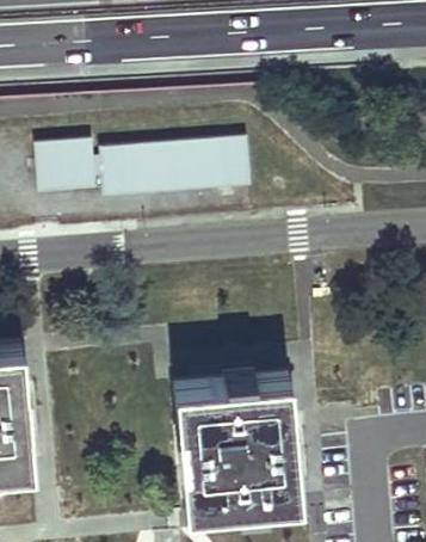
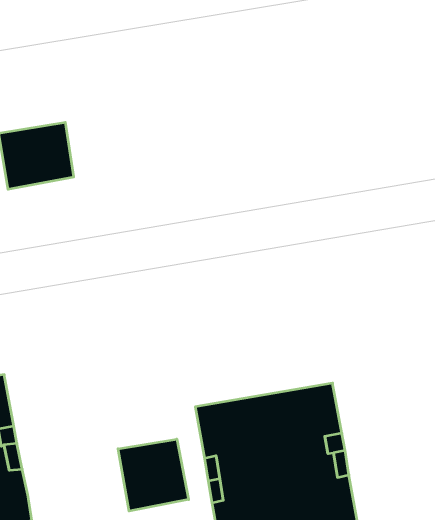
building: [100,136,247,193] -> none
building: none -> [118,439,189,511]

